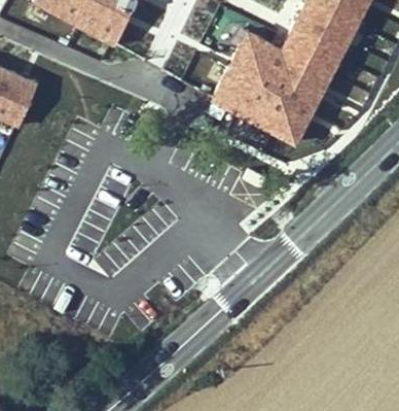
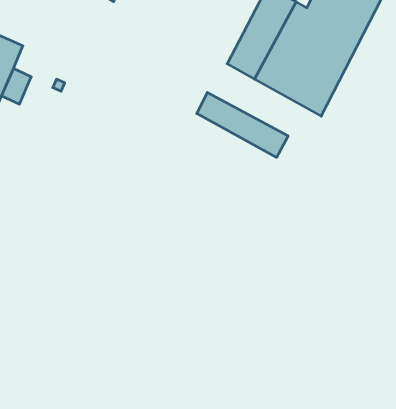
building: none -> [197,92,288,157]

